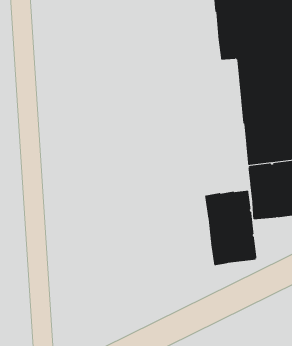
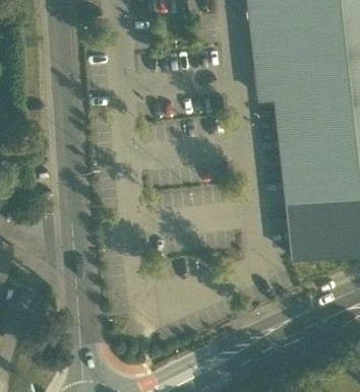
building: [205,190,257,266] -> none

